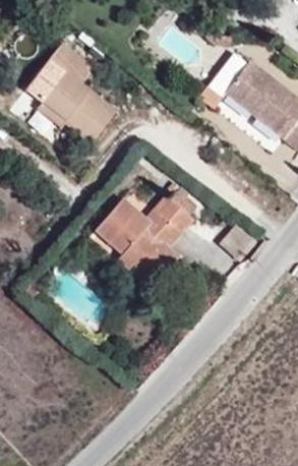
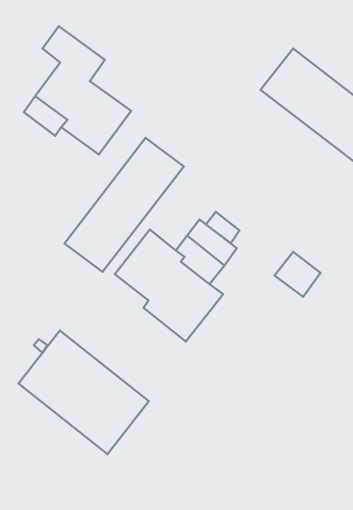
building: none -> [64,138,184,272]
building: none -> [19,331,149,454]

